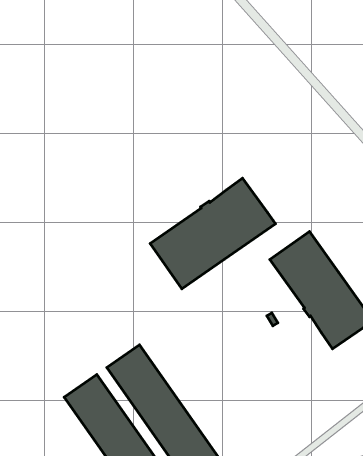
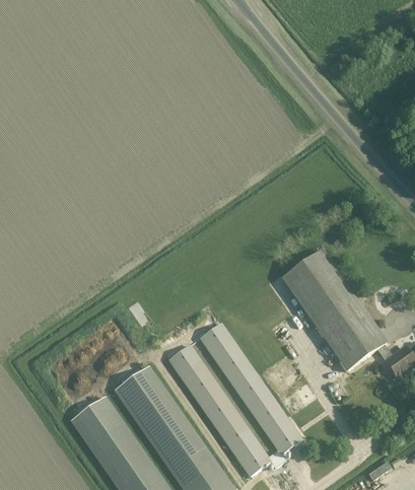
building: [150,178,276,289] -> none
building: none -> [168,323,301,476]

